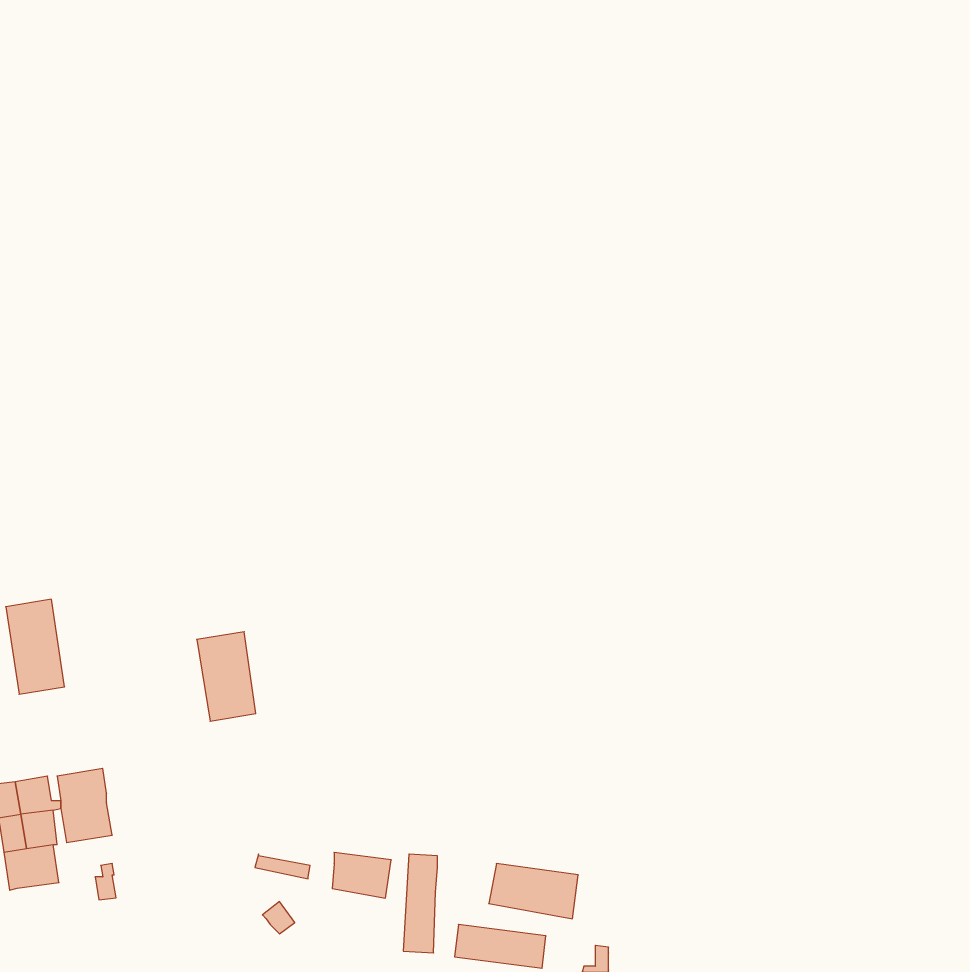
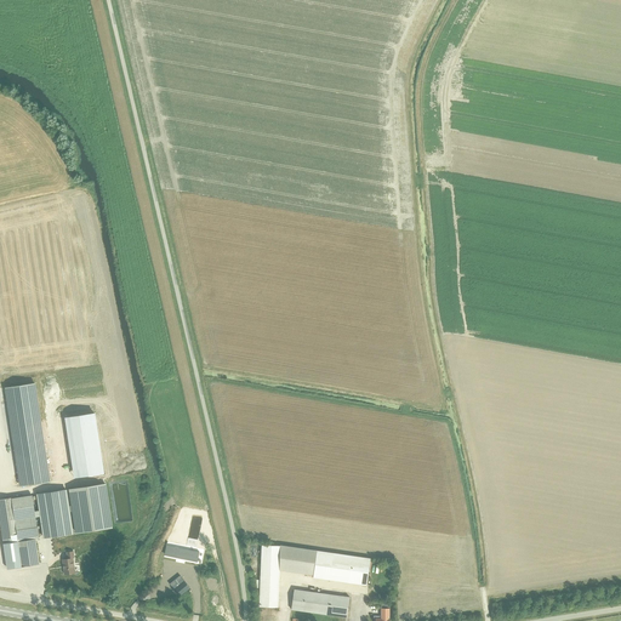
building: [197,632,256,721] -> [63,414,101,471]
building: none -> [12,438,49,485]
building: none -> [68,484,110,532]
building: [332,852,391,898] -> [278,546,315,575]

